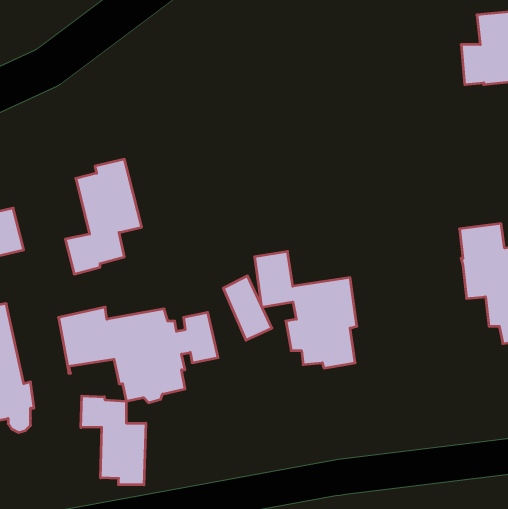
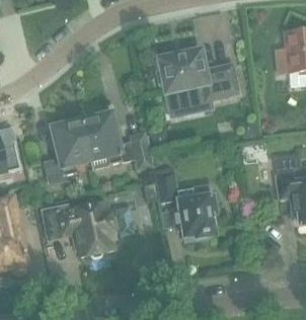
building: none -> [158,50,238,107]
building: none -> [79,111,154,165]
building: [81,396,146,485] -> none

